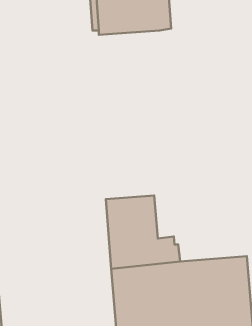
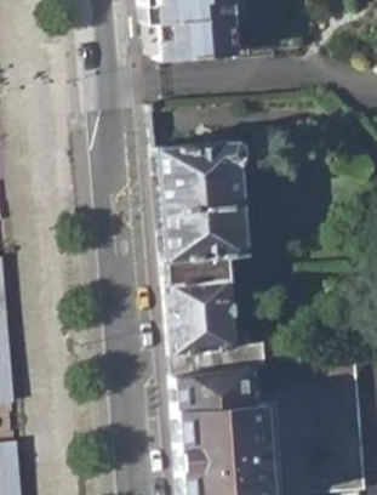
building: none -> [150,143,242,283]

